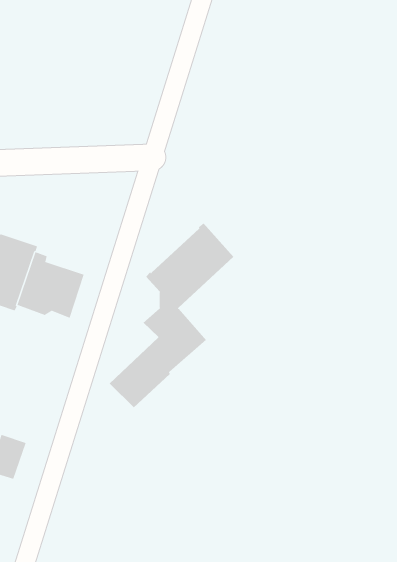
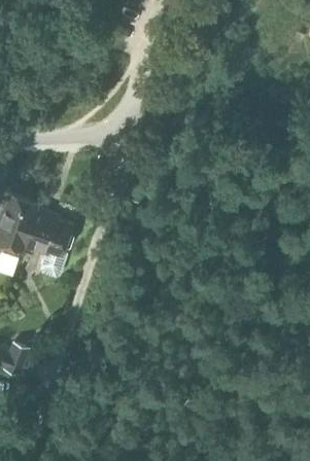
building: [109,223,234,408] -> none

